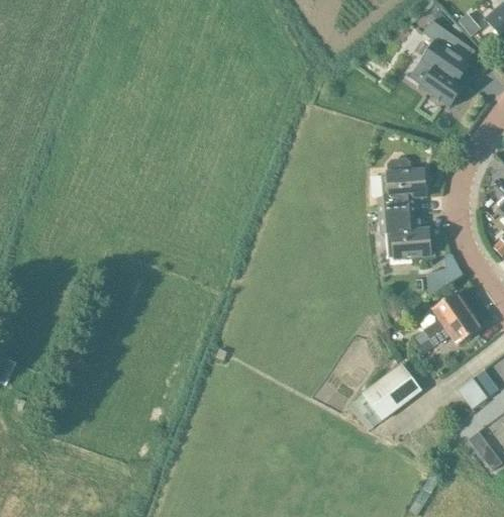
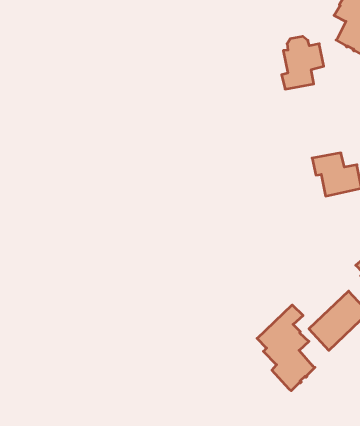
building: [377,158,424,213] -> [282,36,324,89]
building: none -> [257,305,315,391]

